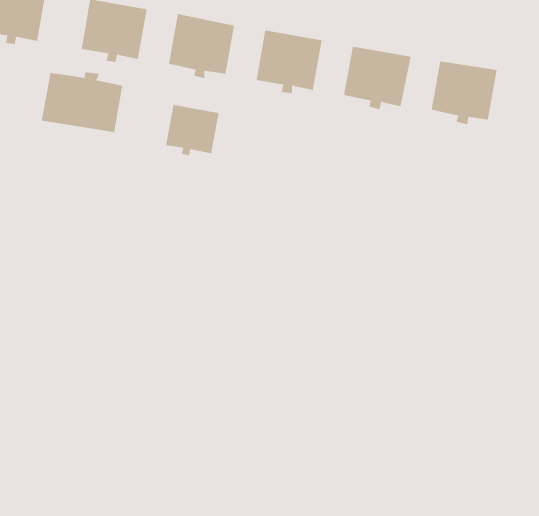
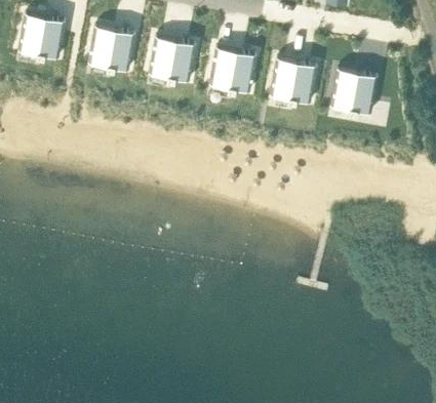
building: [41,71,123,133] -> none
building: [166,104,219,156] -> none

